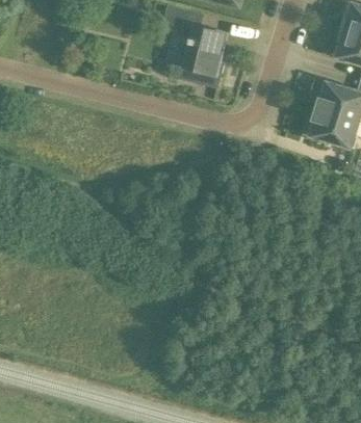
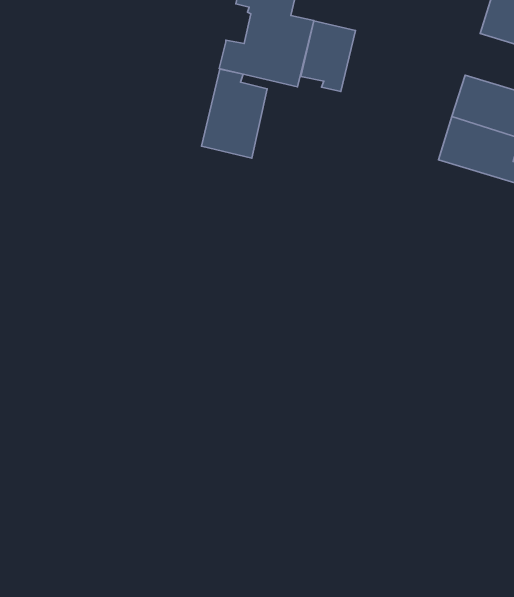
building: none -> [301,21,355,91]
building: none -> [201,69,267,158]

